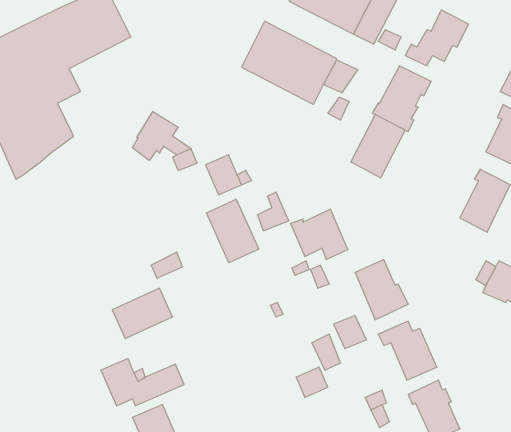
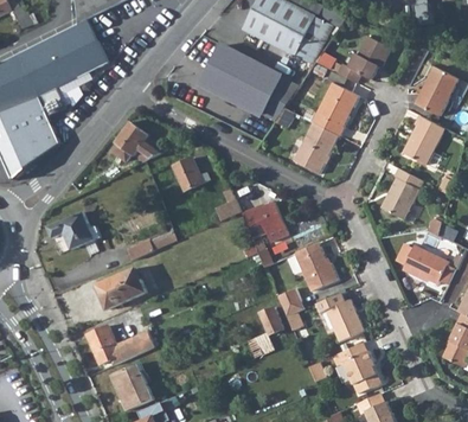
building: [206,199,259,263] -> none
building: none -> [46,211,95,250]

